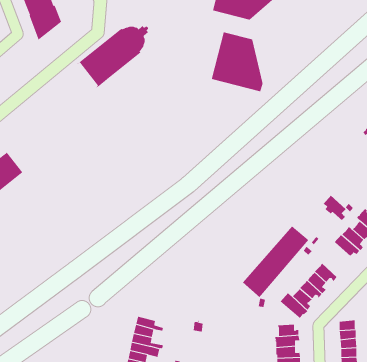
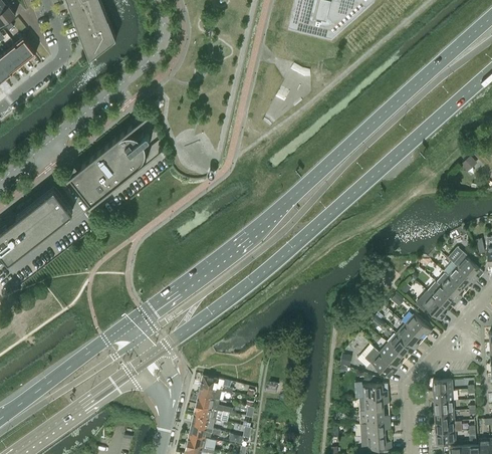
building: [77,25,149,89] -> [67,135,150,207]
building: [211,32,263,92] -> none
building: [323,195,347,221] -> [419,292,446,322]
building: [242,225,309,298] -> none

